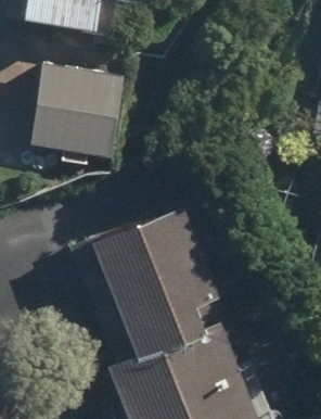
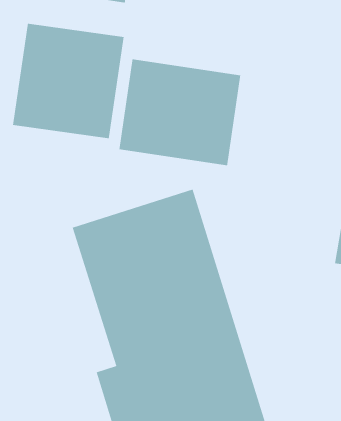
building: none -> [119,59,241,166]

